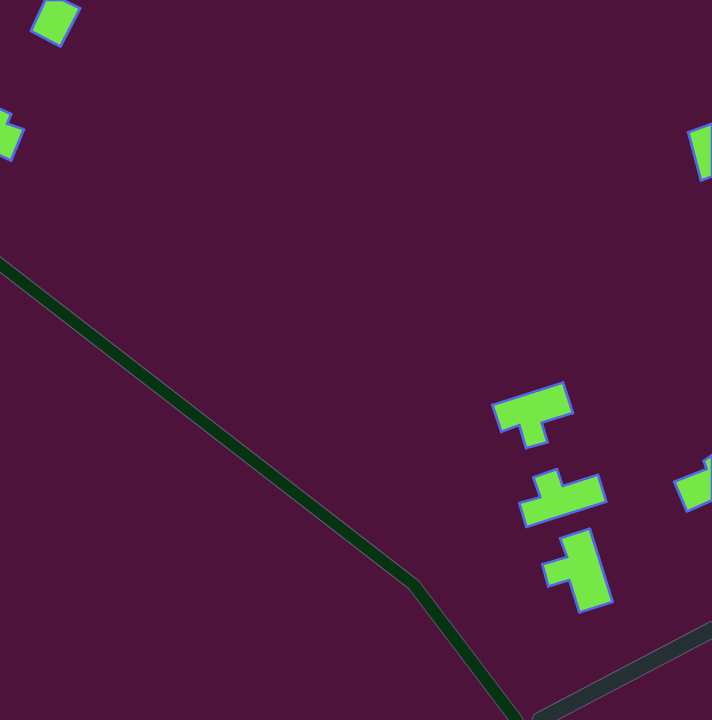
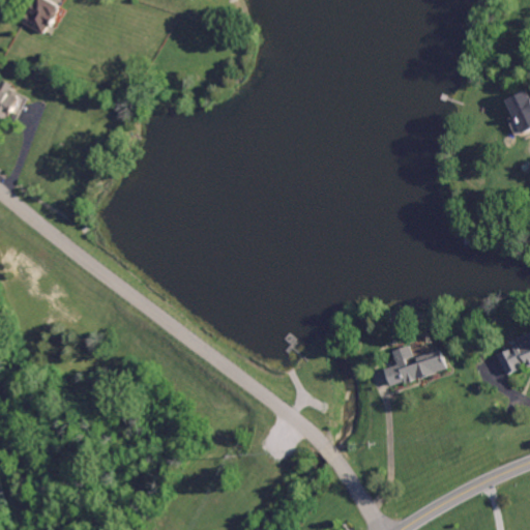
building: [492,382,573,448] -> none
building: [542,529,613,613] -> none

